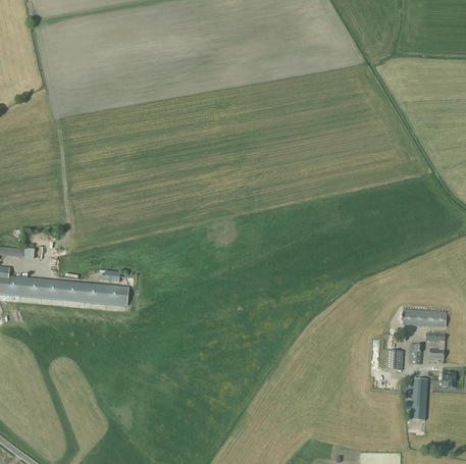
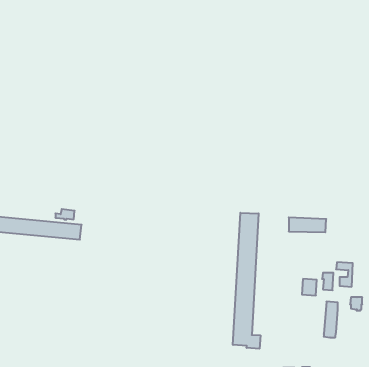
building: none -> [233,213,260,349]
building: [401,309,445,326] -> [289,217,326,232]

